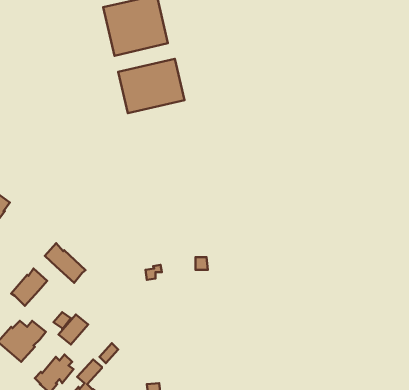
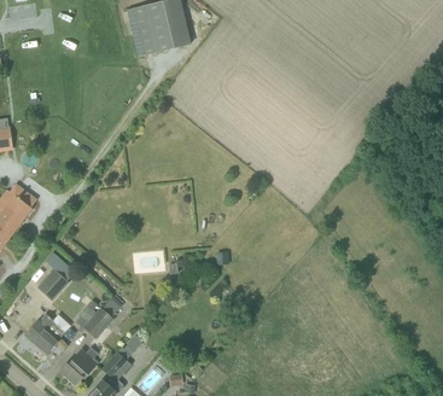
building: [118,59,184,113] -> none
building: [45,243,86,283] -> none

